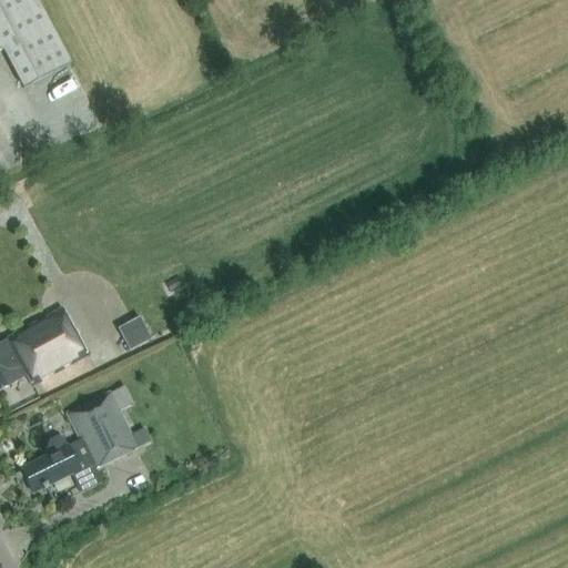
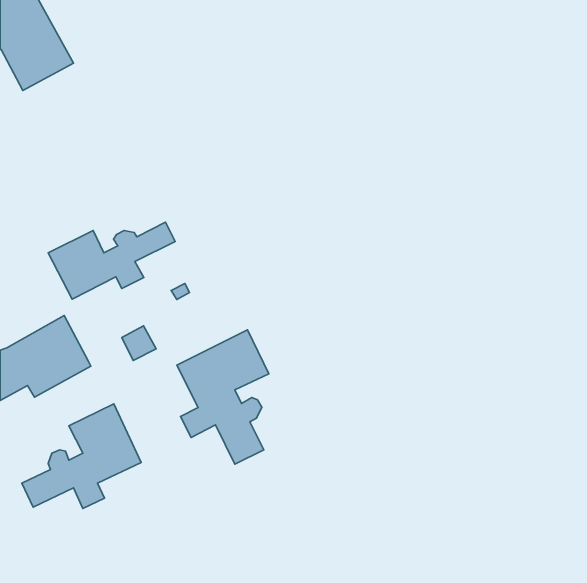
building: none -> [48,222,175,299]
building: none -> [177,330,269,464]

